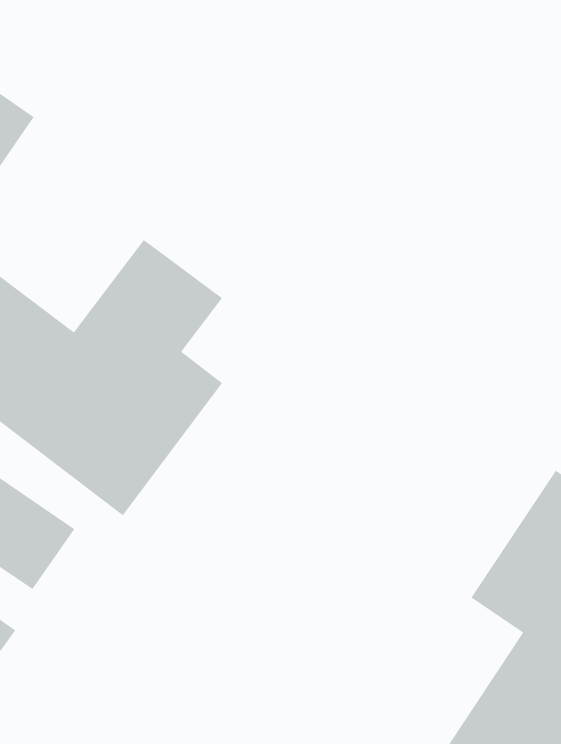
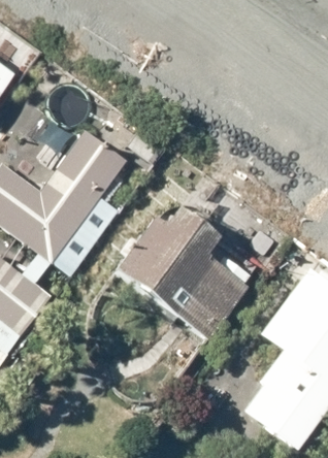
building: none -> [114,214,247,335]

